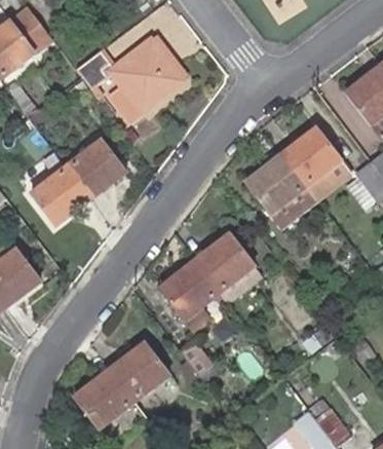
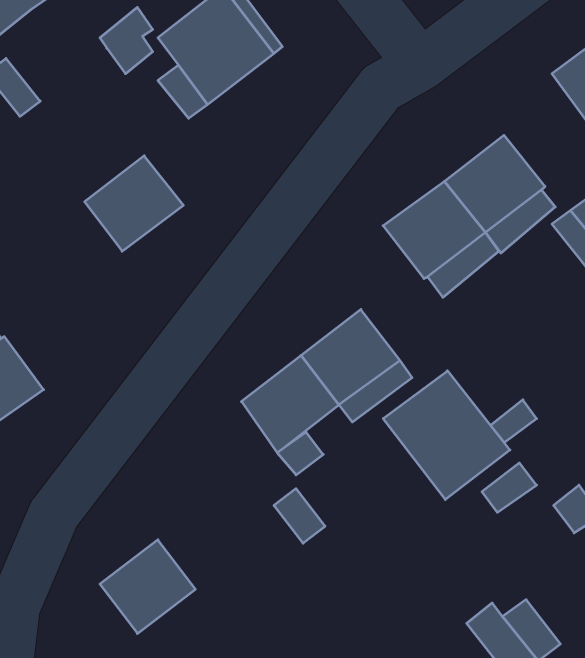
building: [30,166,88,224] -> none
building: none -> [383,371,510,500]
building: [110,342,168,400] -> none

